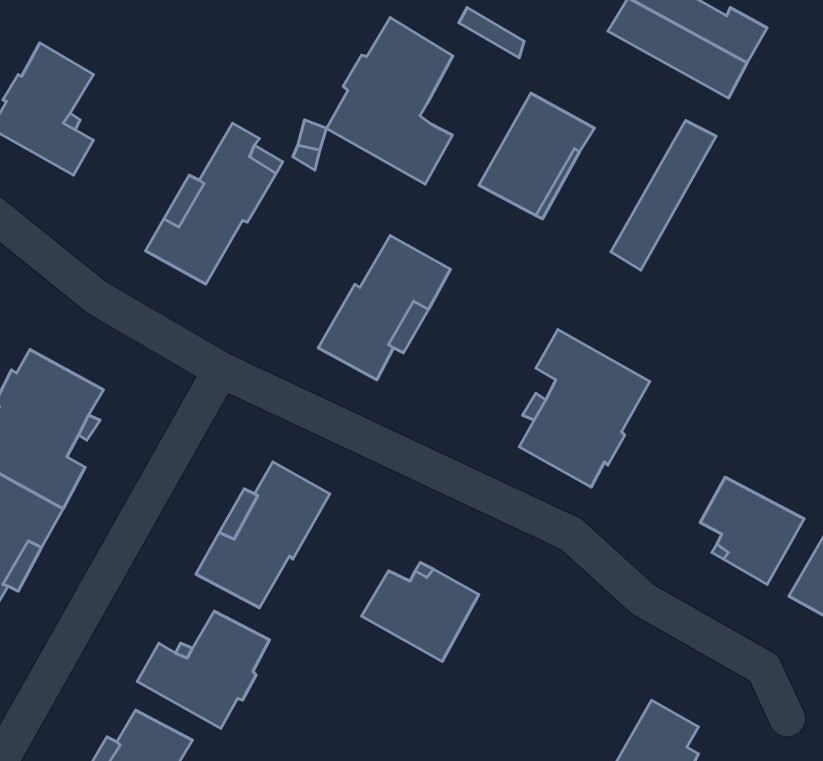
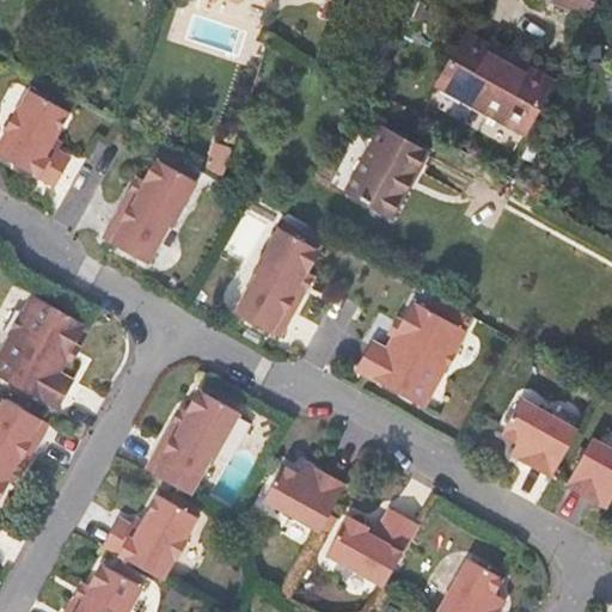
building: [326,17,453,184] -> none
building: [611,120,716,270] -> none
building: none -> [326,509,417,586]

